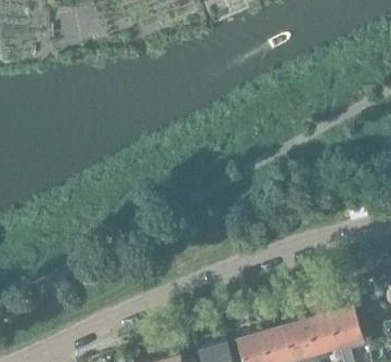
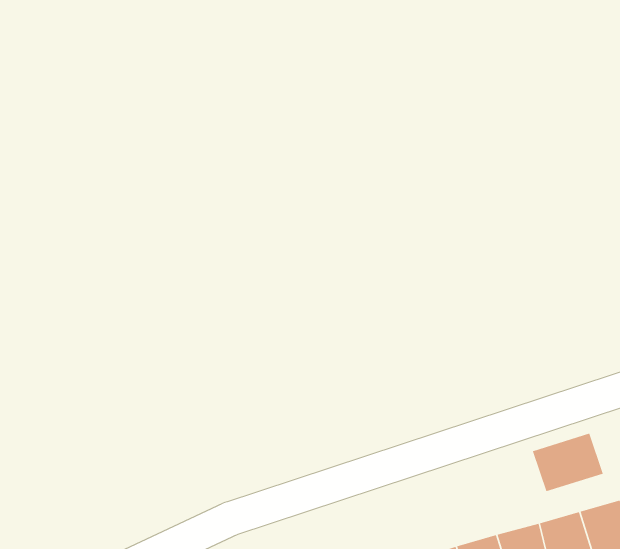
building: none -> [532,433,604,492]

